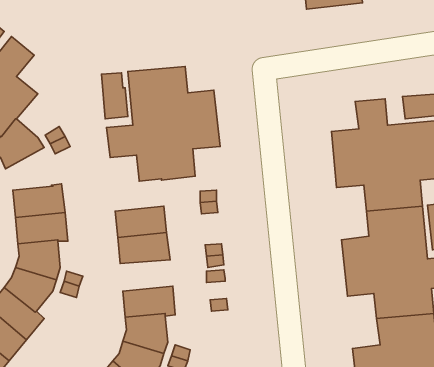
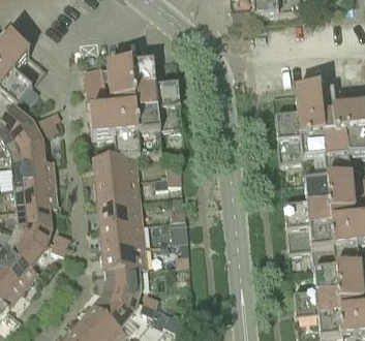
building: none -> [5,129,44,164]
building: none -> [94,155,136,182]
building: none -> [100,222,144,248]

